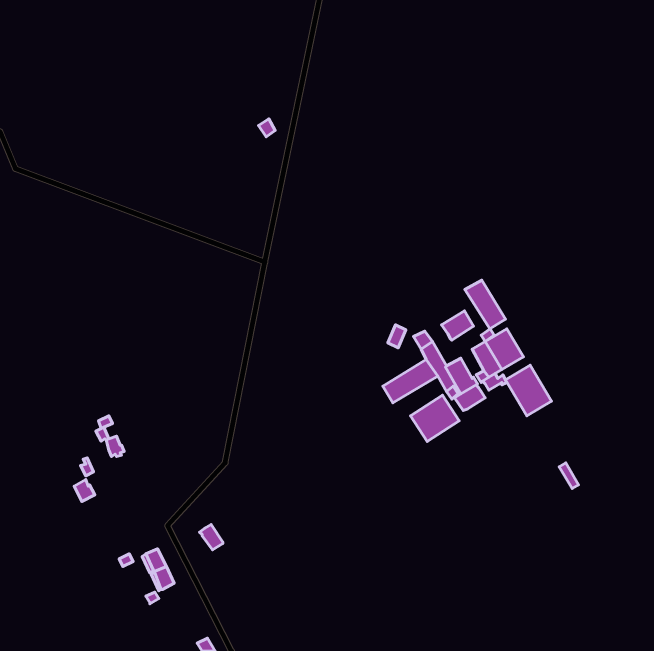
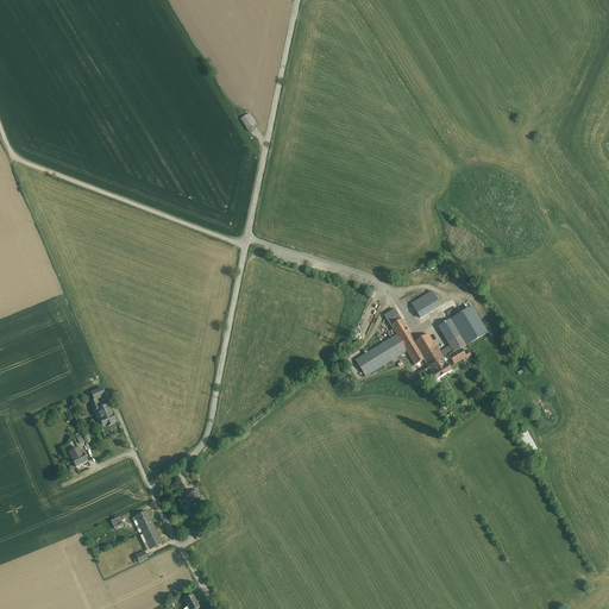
building: [465,280,506,329] -> none
building: [505,365,552,416] -> none
building: [411,395,459,441] -> none

